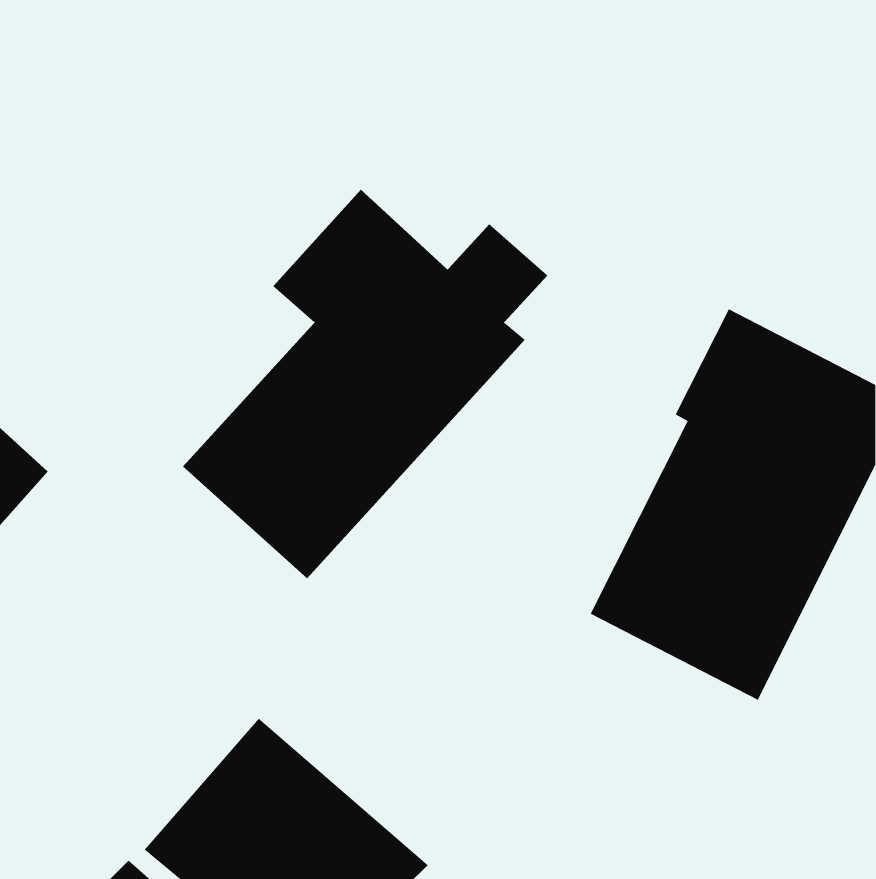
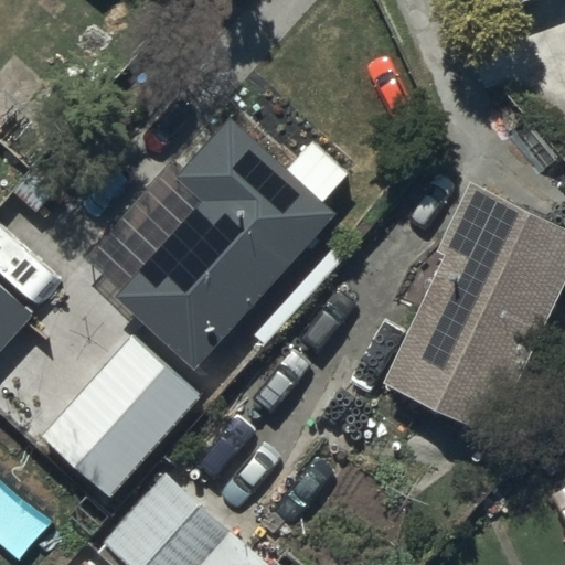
building: none -> [39,324,193,483]

